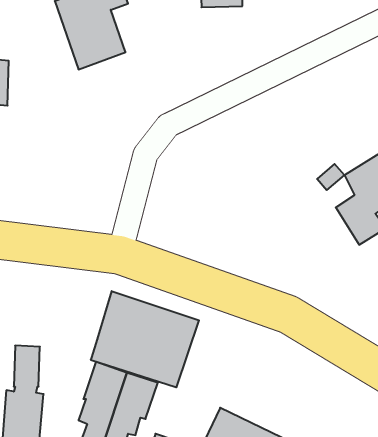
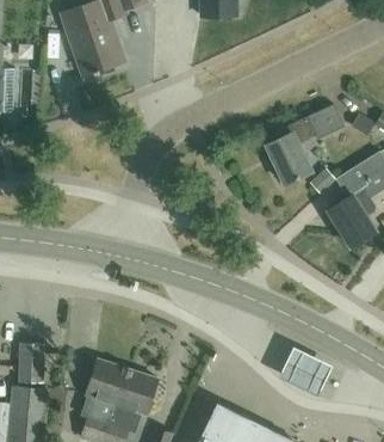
building: none -> [265,104,342,184]
building: [91,291,199,387] -> none
building: none -> [278,345,332,395]

